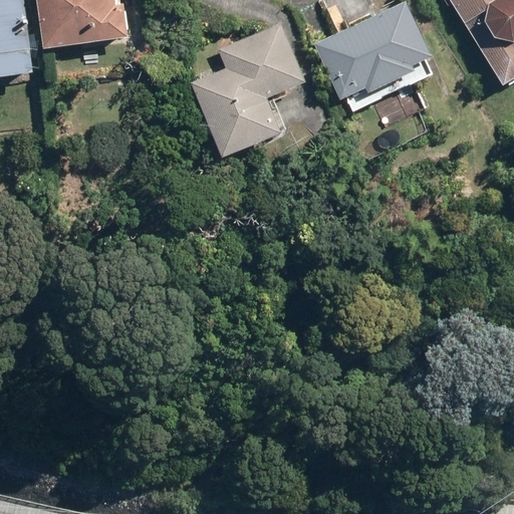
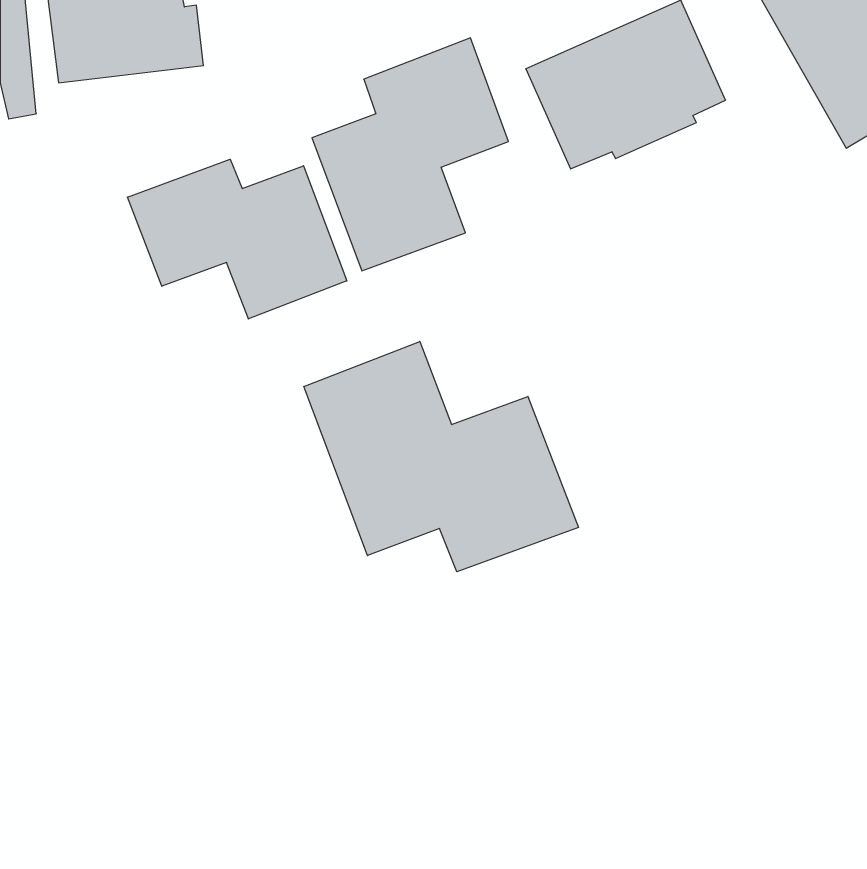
building: none -> [127,159,347,319]
building: none -> [304,341,578,572]

